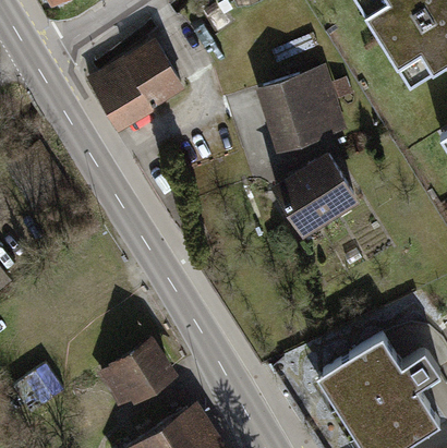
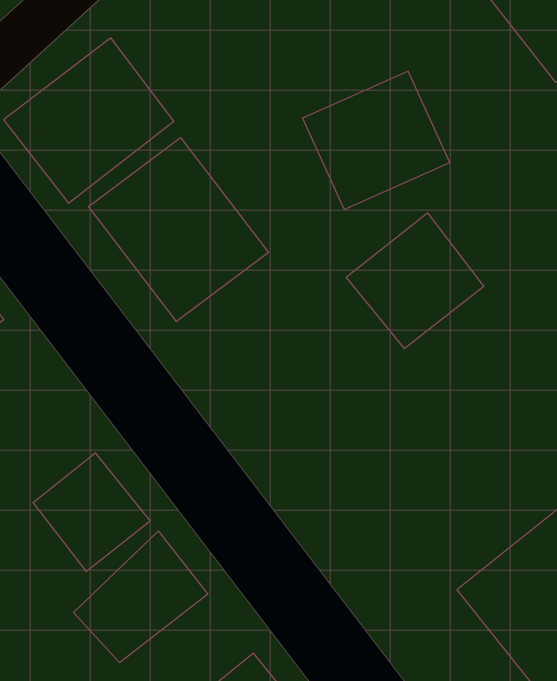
building: none -> [89,138,269,321]
building: none -> [33,453,150,571]

